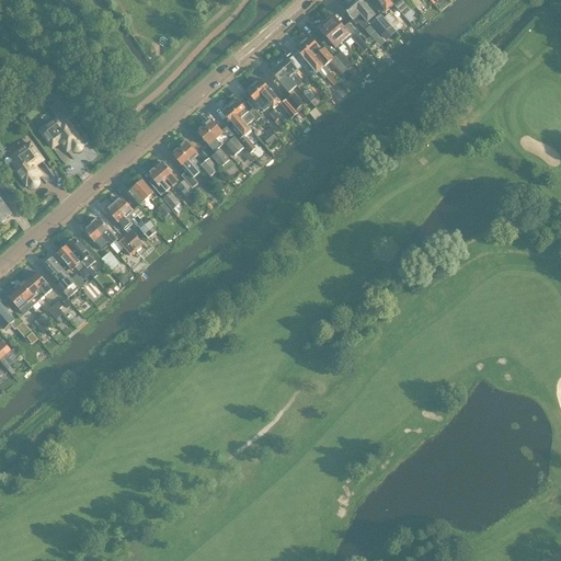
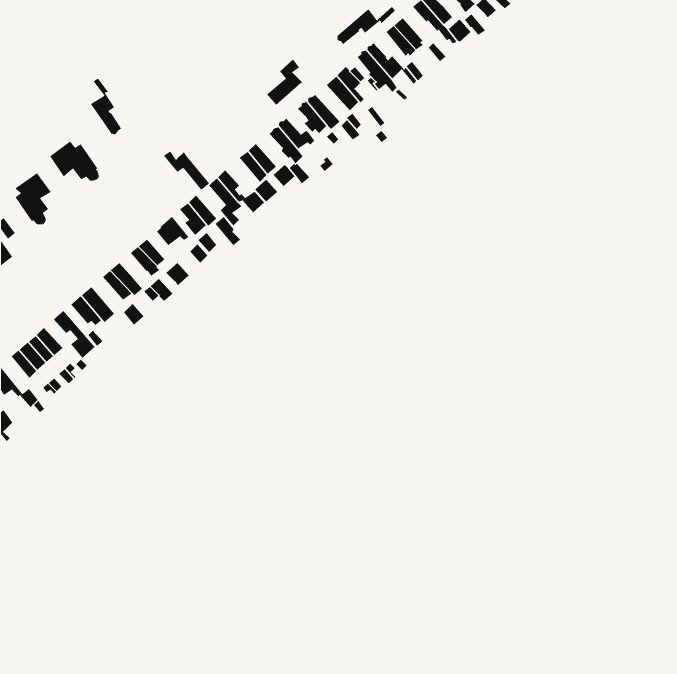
building: none -> [335,6,396,45]
building: none -> [266,59,303,106]
building: none -> [90,77,122,136]
building: none -> [163,151,210,191]

